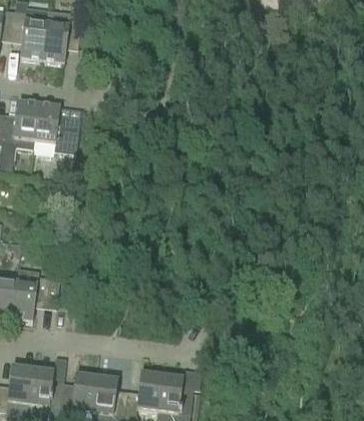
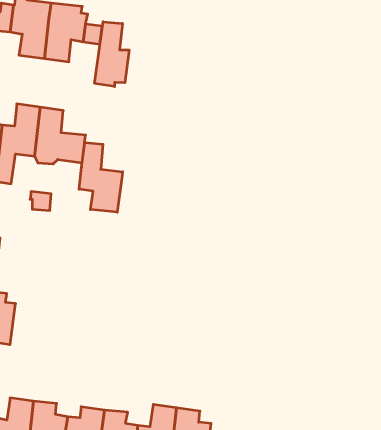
building: none -> [95,22,129,87]
building: none -> [79,142,123,212]
building: [11,266,48,319] -> none

